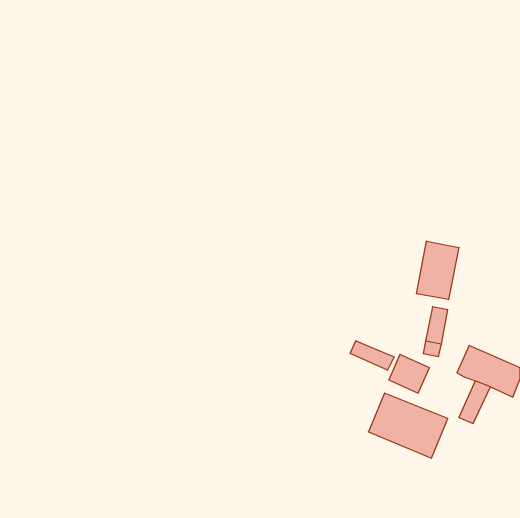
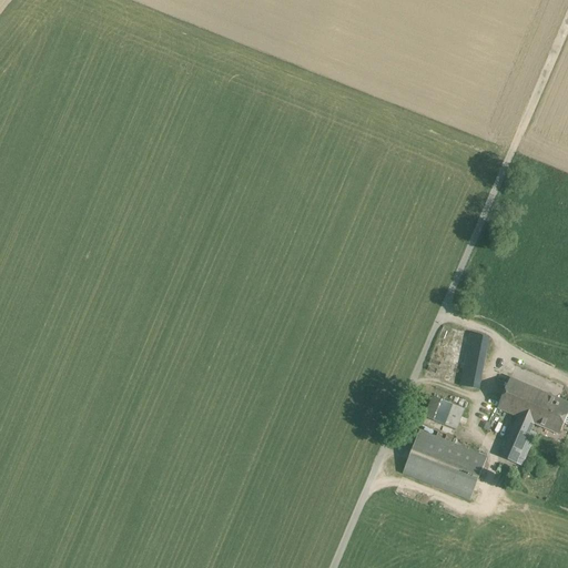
building: [416,241,459,300] -> none
building: [350,341,394,370] -> none

